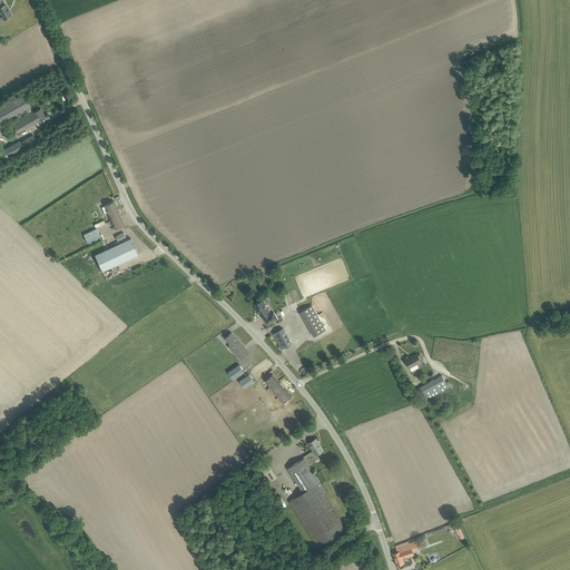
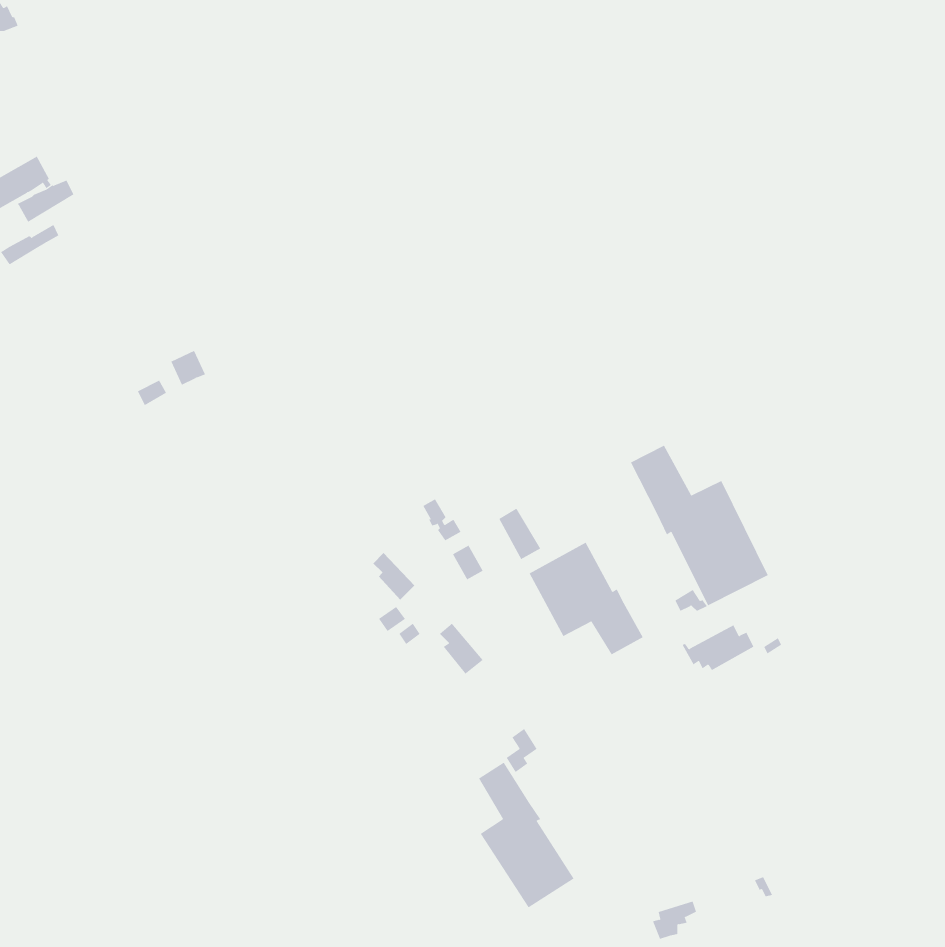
building: [94,238,137,271] -> none
building: none -> [630,445,769,606]
building: none -> [529,542,644,655]

